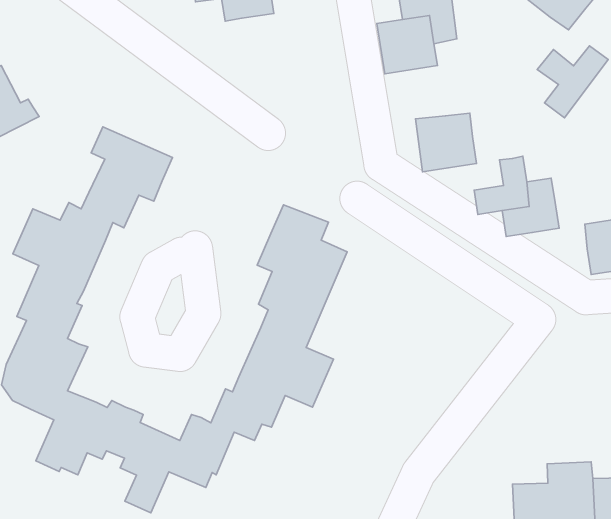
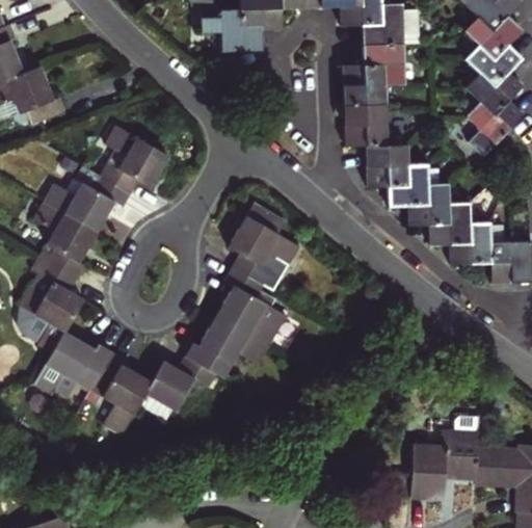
building: none -> [468,71,525,115]
building: none -> [345,104,390,146]
building: none -> [388,163,440,207]
building: none -> [449,221,491,264]

